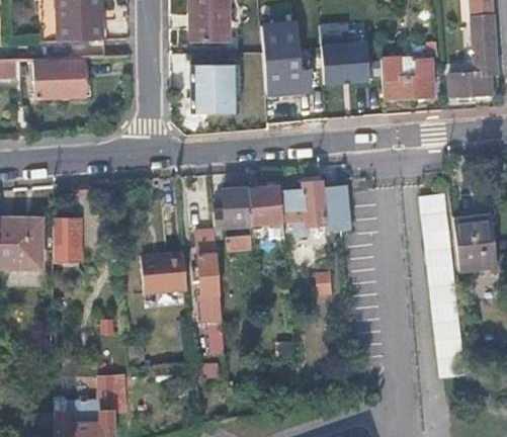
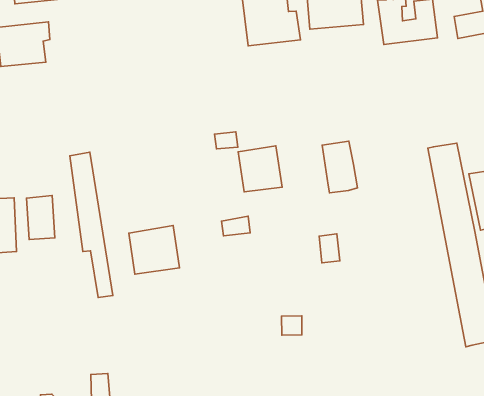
building: [189,66,237,114] -> none
building: [288,182,326,235] -> none
building: [214,188,250,228] -> none
building: [196,234,227,365] -> [70,152,113,297]

